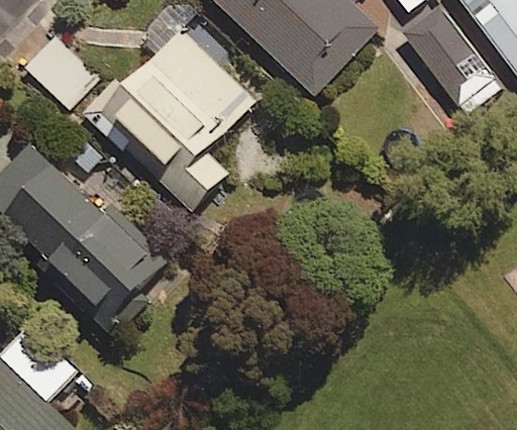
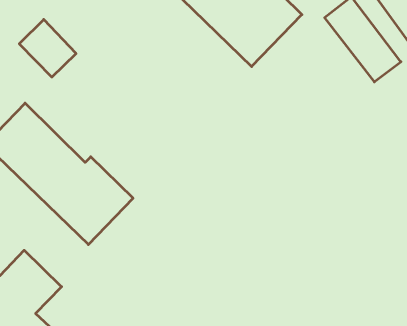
building: [83,27,255,211] -> none

